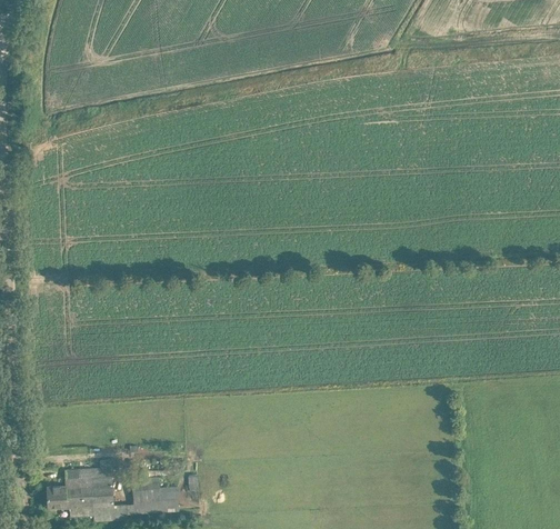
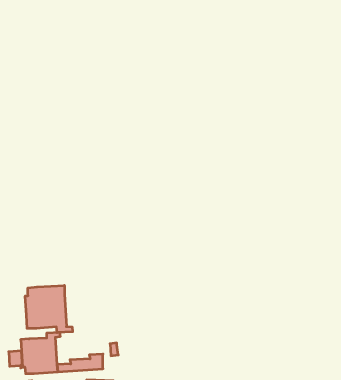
building: none -> [25,285,73,333]

